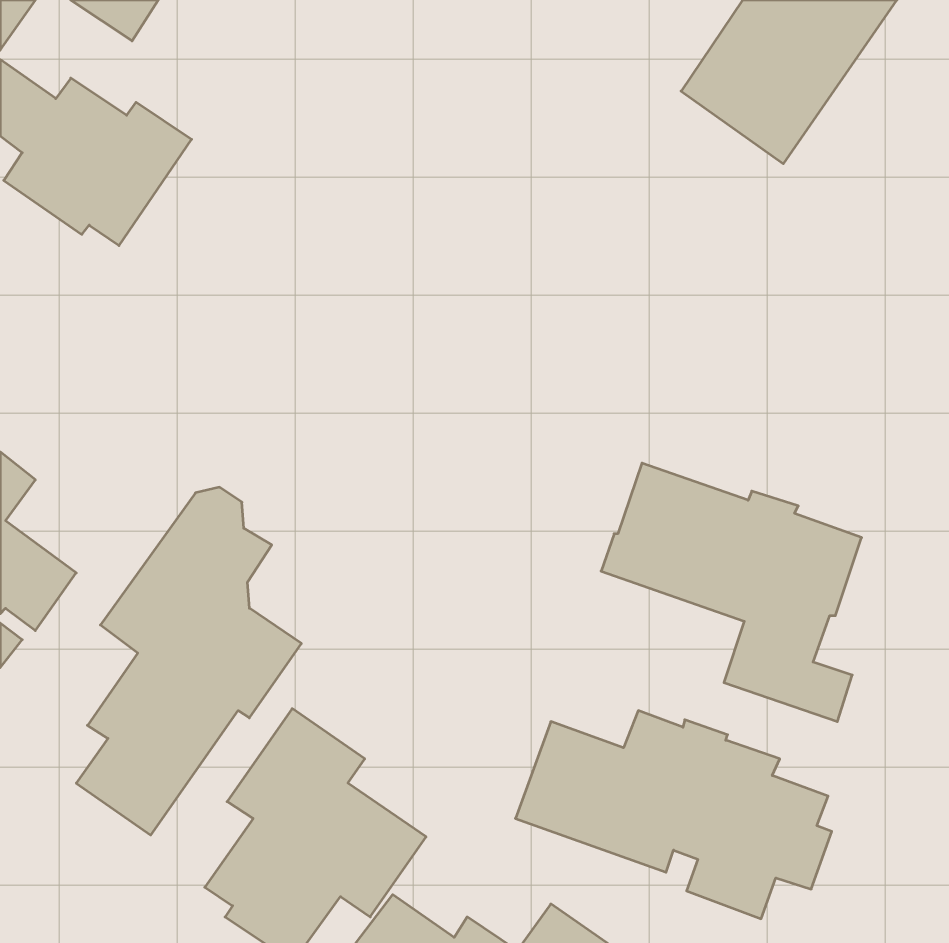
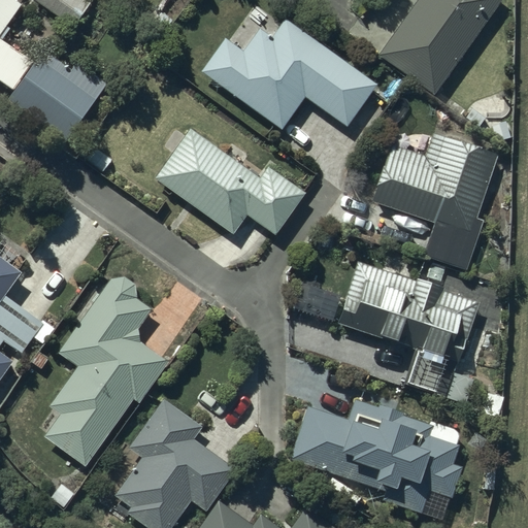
building: none -> [200,19,377,130]
building: none -> [152,127,305,235]
building: none -> [370,132,501,272]

